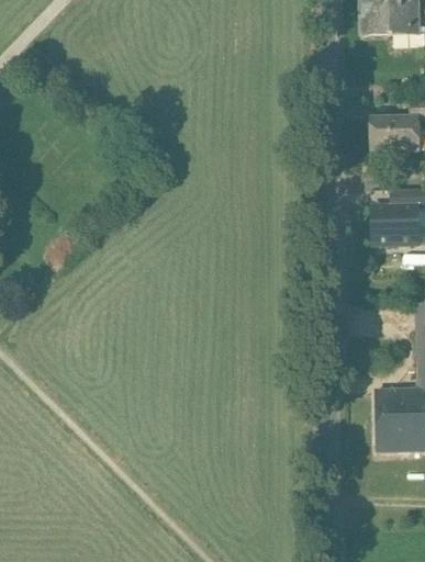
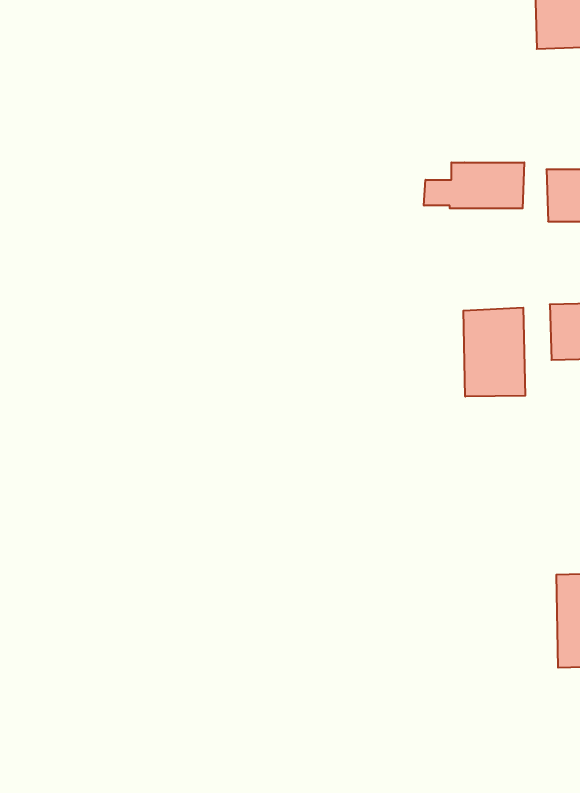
building: none -> [424,162,524,208]
building: none -> [463,308,525,397]

